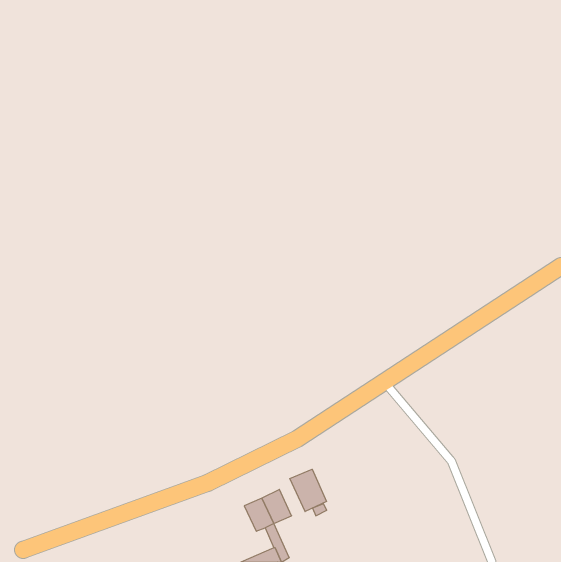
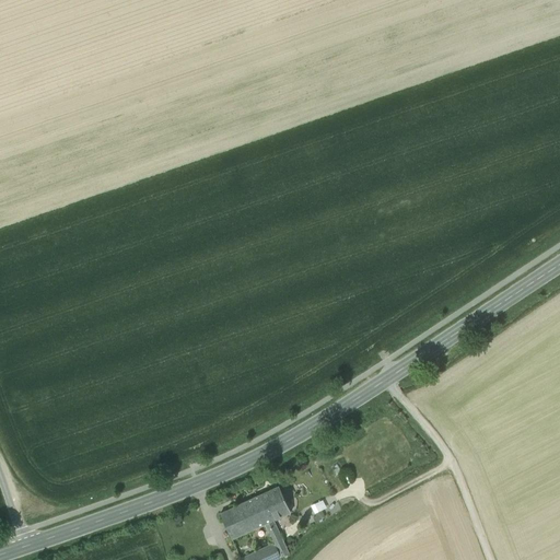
building: [290,469,326,512] -> none
building: none -> [219,503,255,539]

